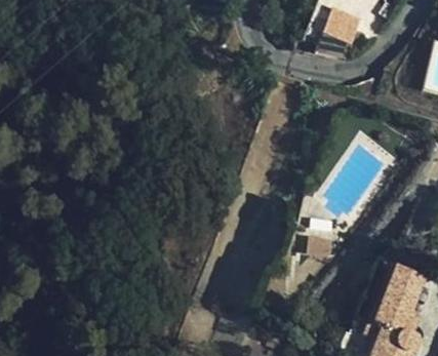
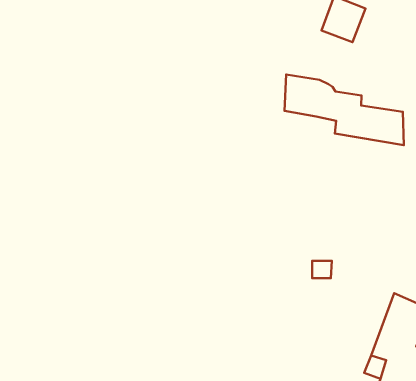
building: none -> [284,75,404,145]

